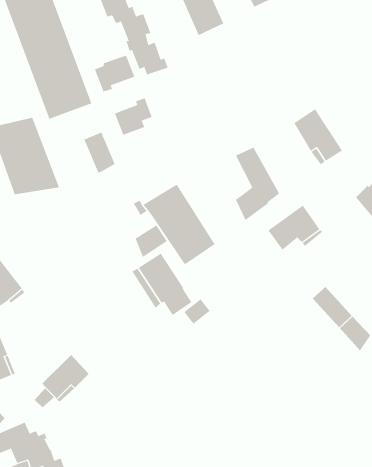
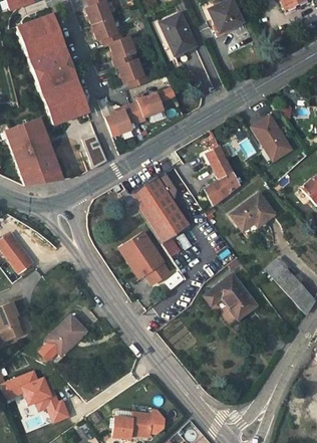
building: [94,55,135,93] -> [131,94,165,126]
building: [135,225,168,258] -> none
building: none -> [205,274,257,319]

